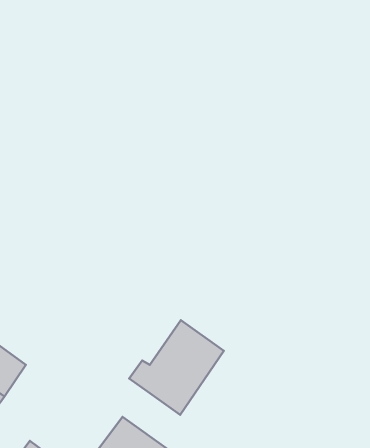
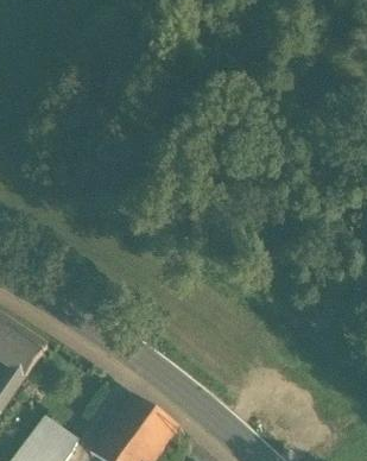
building: [129,320,224,415] -> none

